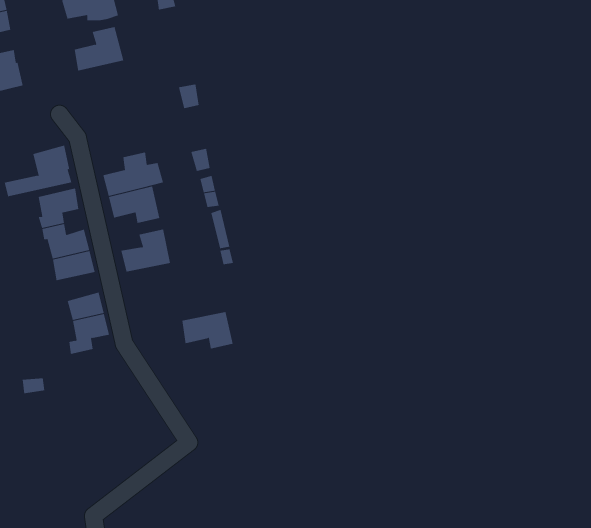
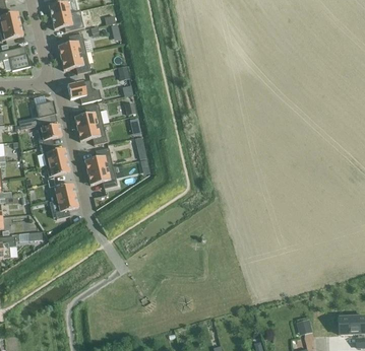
building: none -> [59,52,89,73]
building: none -> [66,80,100,103]
building: [181,311,233,349] -> [86,166,116,188]

